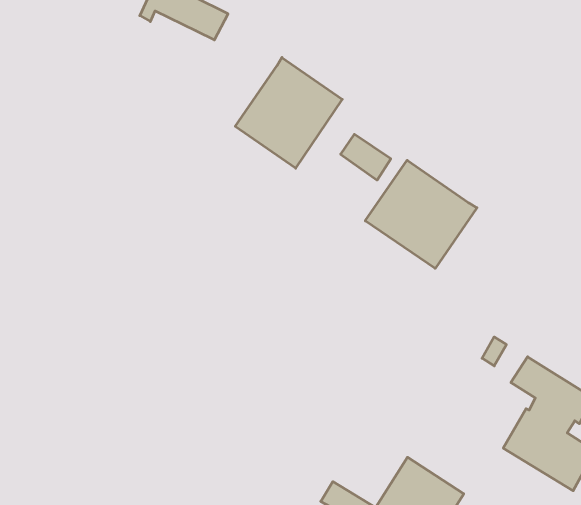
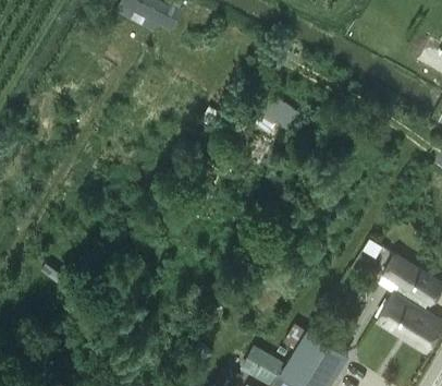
building: [235,57,342,168] -> none
building: [365,160,477,268] -> none

